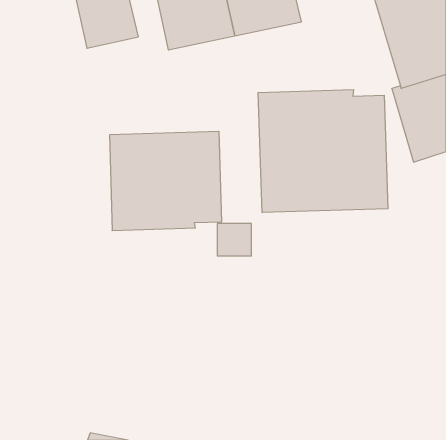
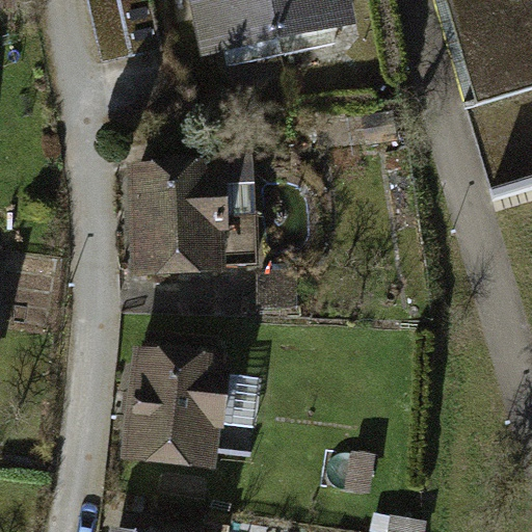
building: [258,90,388,213] -> none
building: none -> [125,344,238,468]

